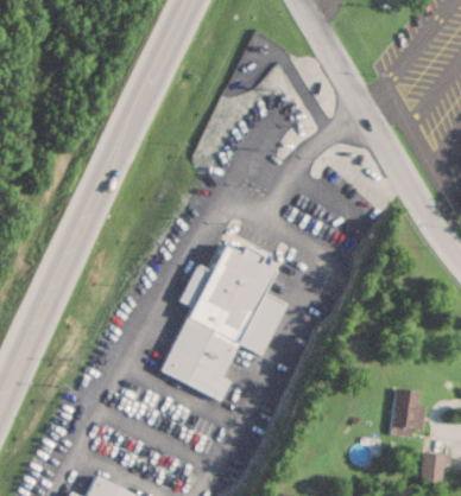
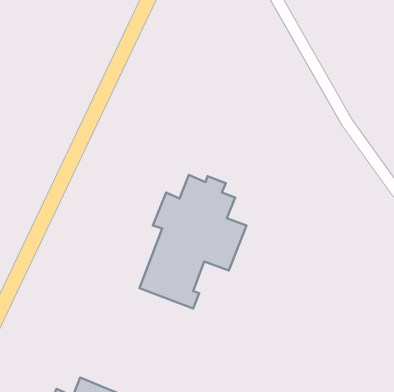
building: [389,388,423,435] -> none
building: [417,452,446,488] -> none

